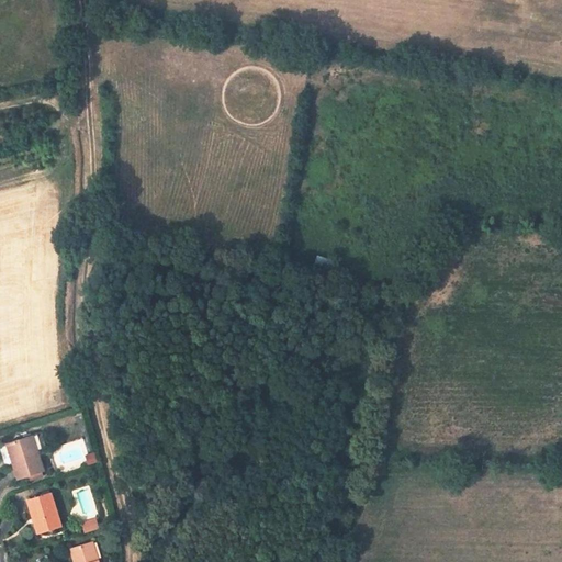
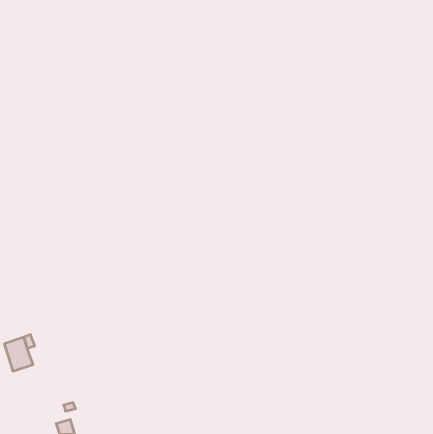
building: [26,493,60,532] -> none

